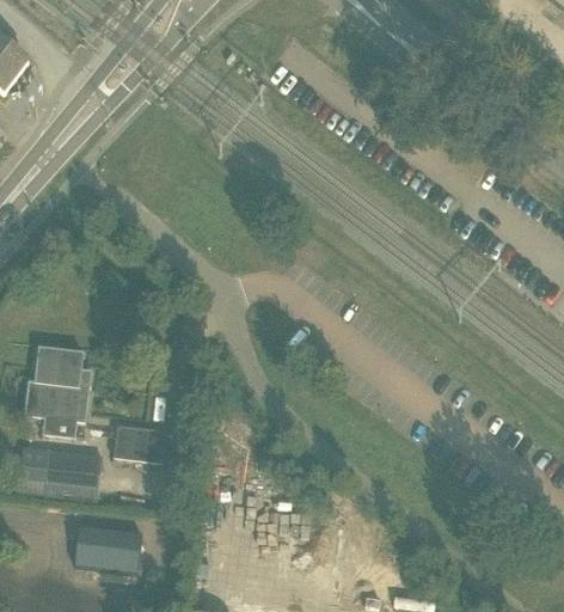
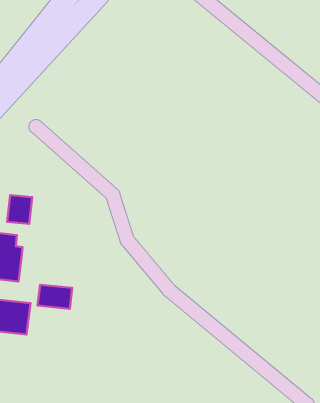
building: none -> [7,195,32,224]
building: [74,526,141,571] -> none

